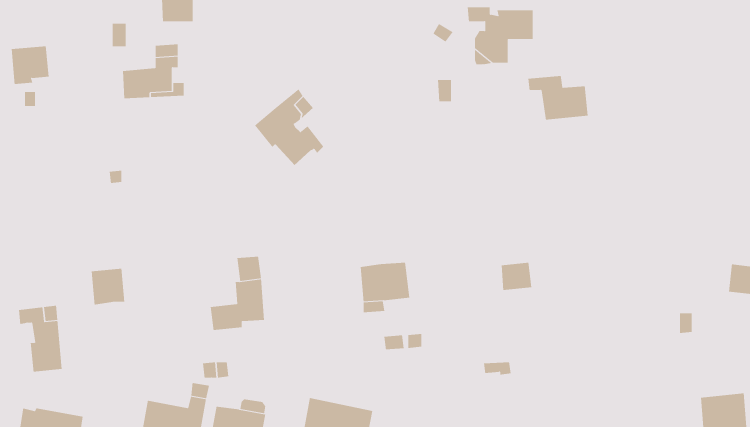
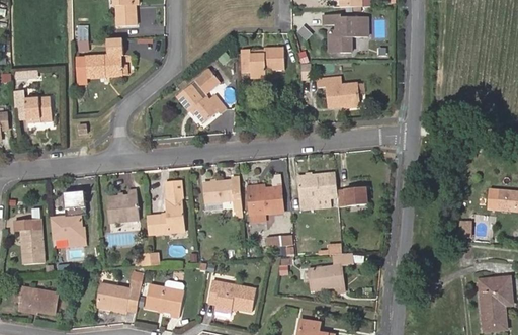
building: [11,46,50,84] -> [24,97,51,123]
building: none -> [241,48,283,78]
building: [527,76,588,120] -> [316,78,357,108]
building: none -> [295,175,335,210]
building: none -> [201,177,240,211]
building: none -> [105,192,137,225]
building: none -> [49,216,85,247]
building: none -> [310,265,343,288]

